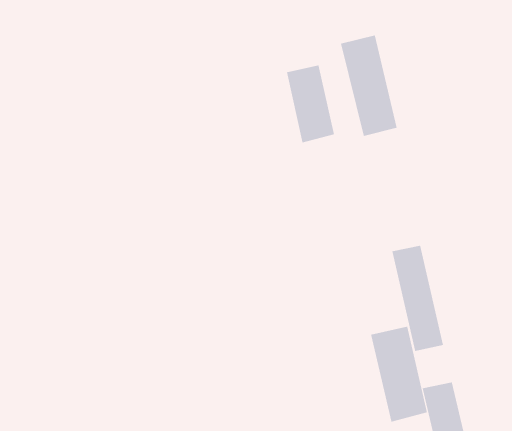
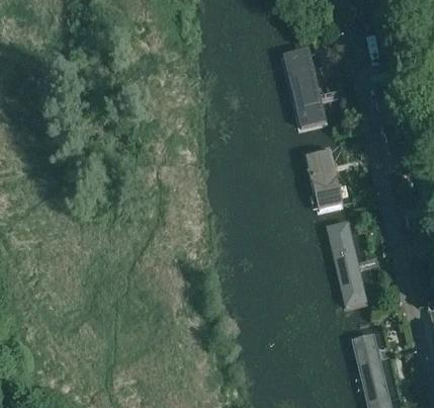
building: [286,65,335,143] -> [305,149,345,214]
building: [371,326,427,422] -> none

